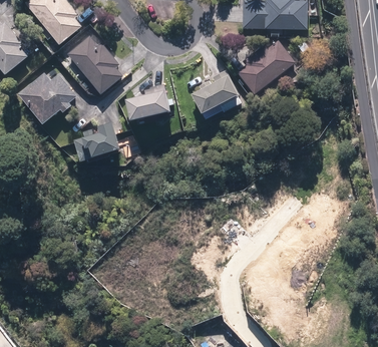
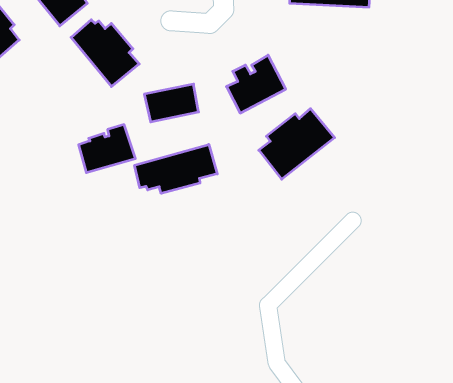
building: [235,38,295,94] -> [259,109,335,179]
building: [17,65,76,123] -> none
building: none -> [135,144,217,193]

